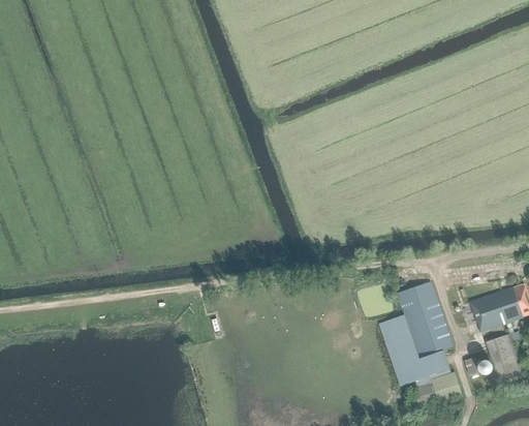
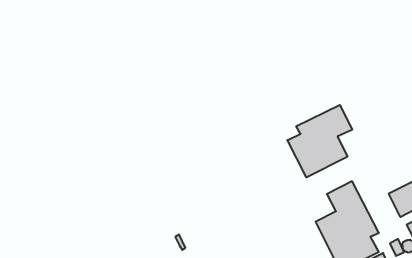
building: none -> [287,105,352,177]

